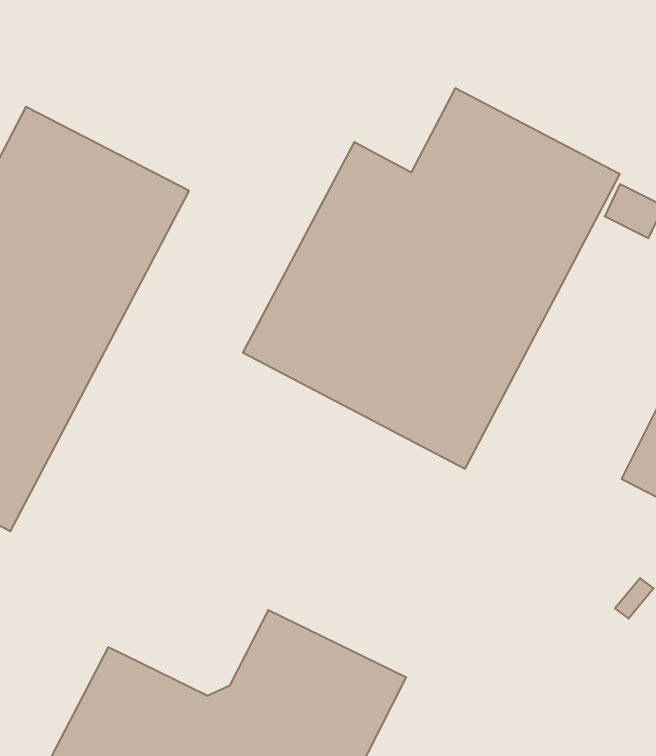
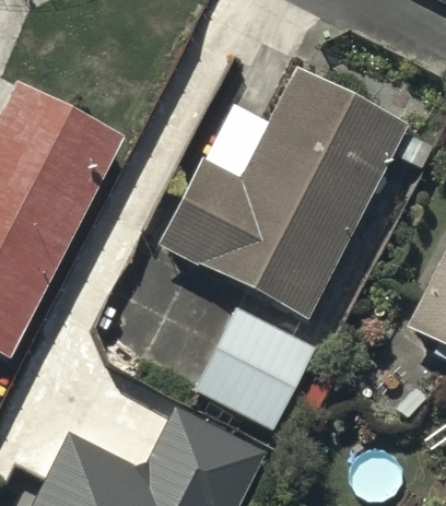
building: none -> [197,310,310,426]

